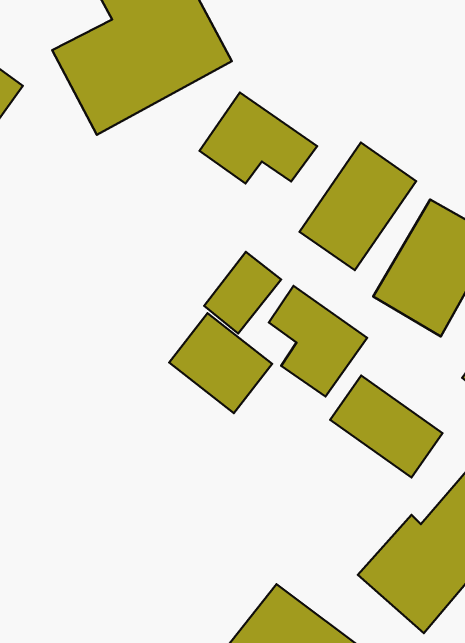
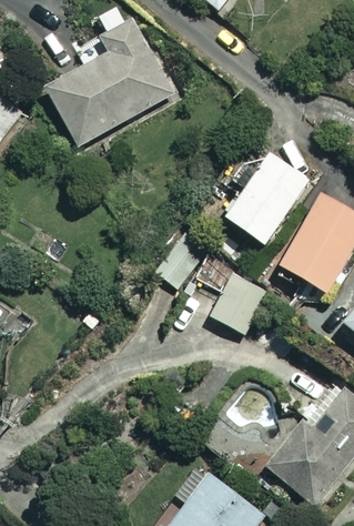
building: [200,92,317,184] -> none
building: [169,313,272,413] -> none
building: [330,376,443,477] -> none

